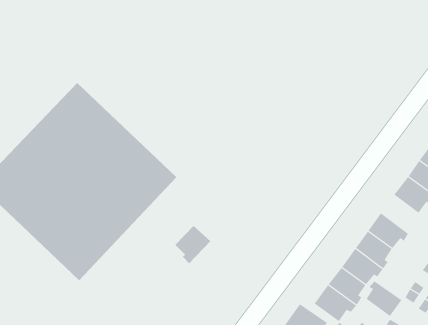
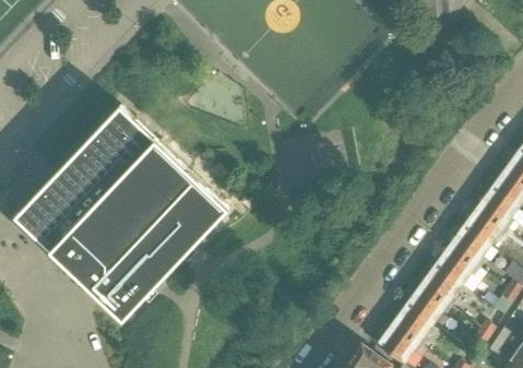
building: none -> [447,226,488,269]
building: [175,225,211,264] -> none
building: [366,280,402,317] -> none

